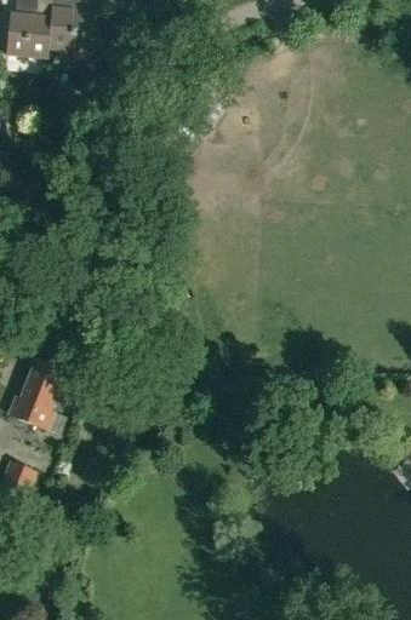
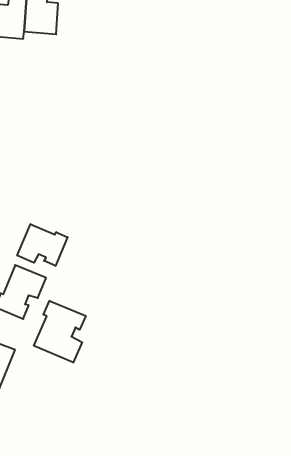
building: none -> [17,224,68,266]
building: none -> [34,301,86,363]

